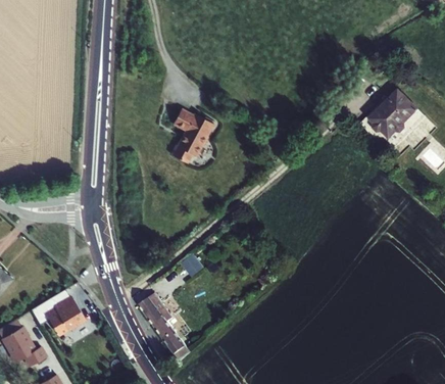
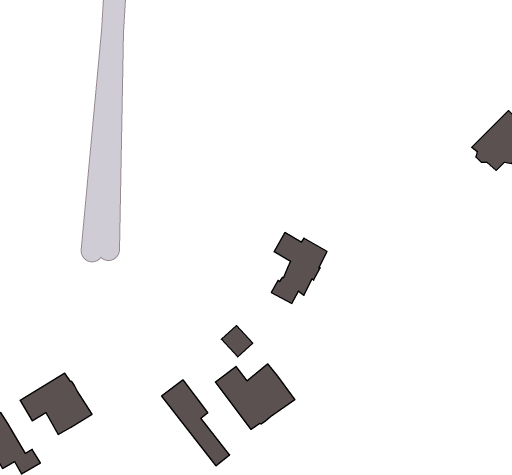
building: [169,109,211,162] -> [271,233,327,303]
building: none -> [215,364,295,429]

